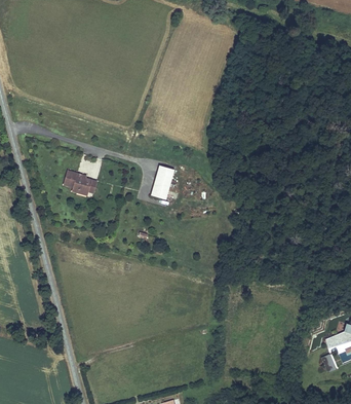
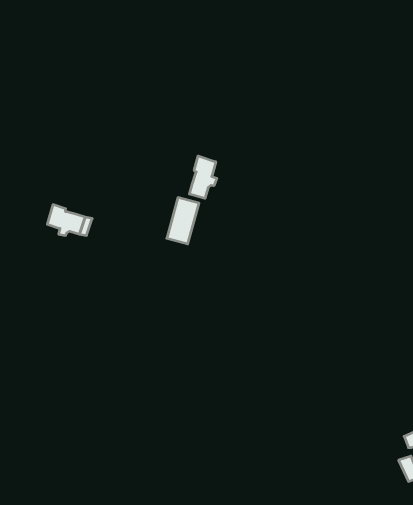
building: none -> [189,156,217,198]

